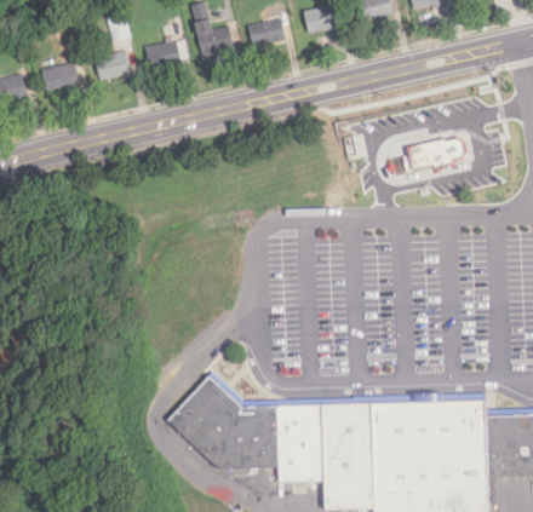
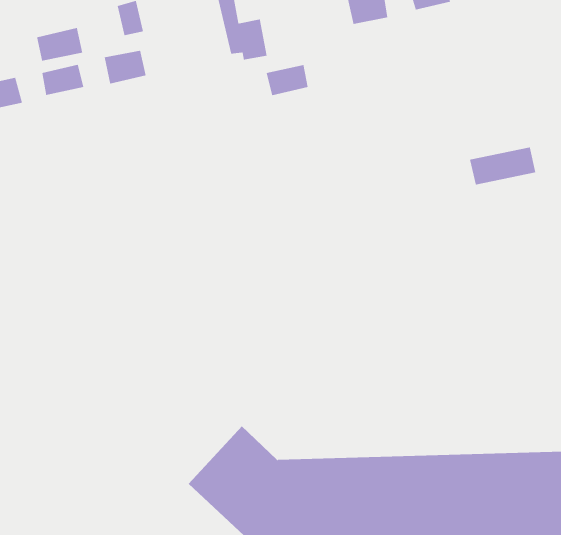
building: [248,22,285,48] -> [266,64,309,96]
building: none -> [37,27,83,62]
building: [145,39,188,71] -> none

